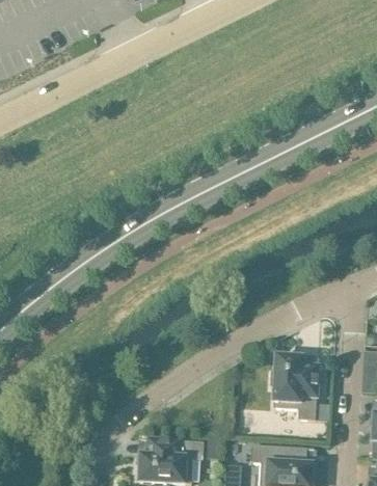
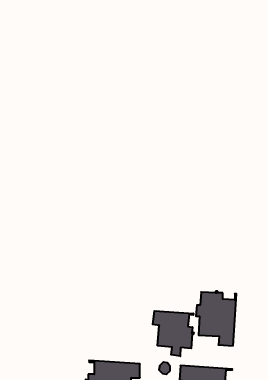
building: none -> [153,311,194,356]

